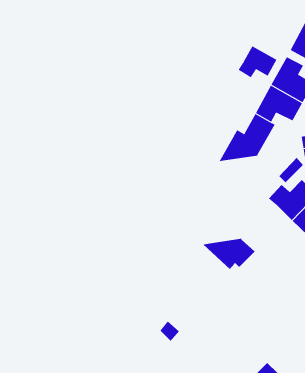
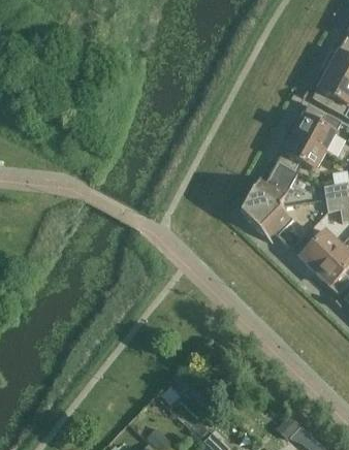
building: [238,45,277,78] -> none
building: [202,238,255,270] -> [240,204,293,236]

